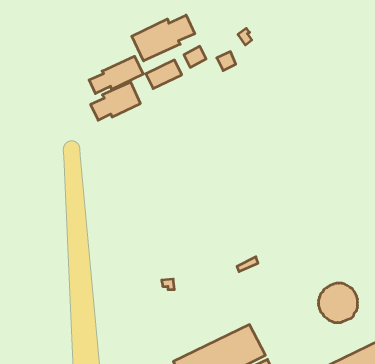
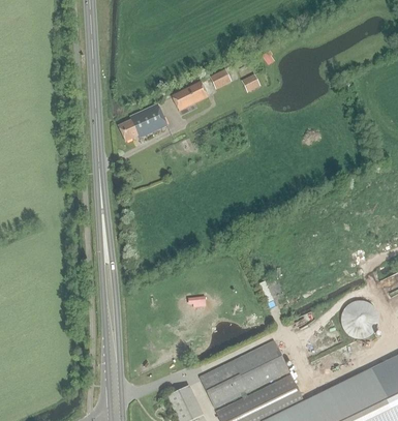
building: [132,15,195,61] -> none
building: [89,56,143,94] -> none

